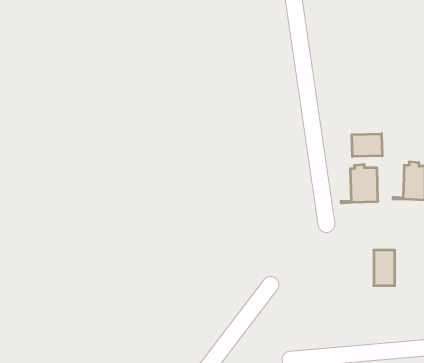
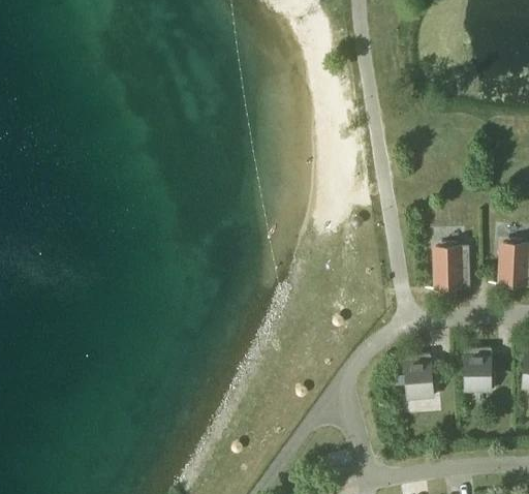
building: [352,134,382,157] -> none
building: none -> [403,354,433,399]

